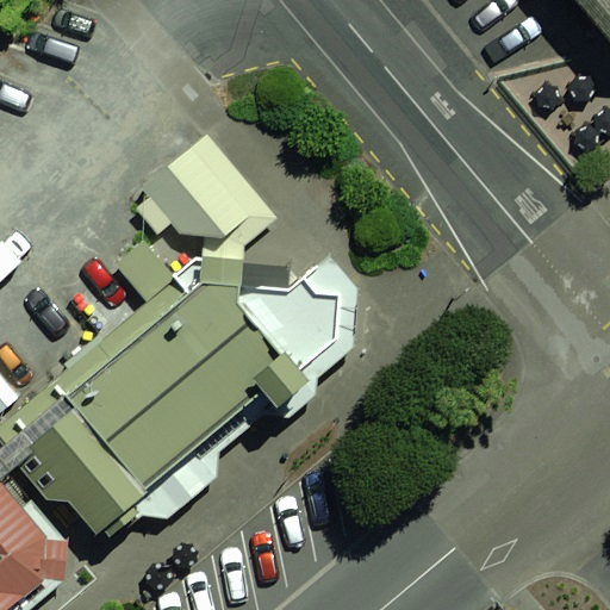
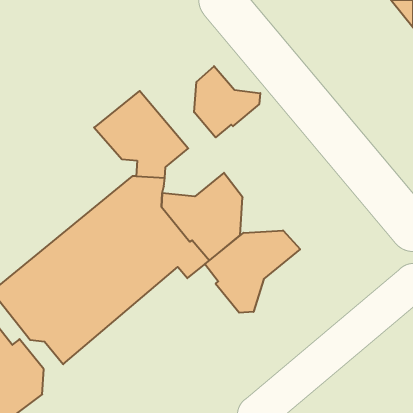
building: none -> [194,66,260,137]
building: none -> [205,230,300,313]

